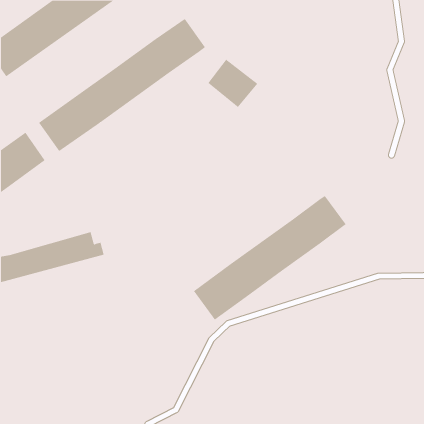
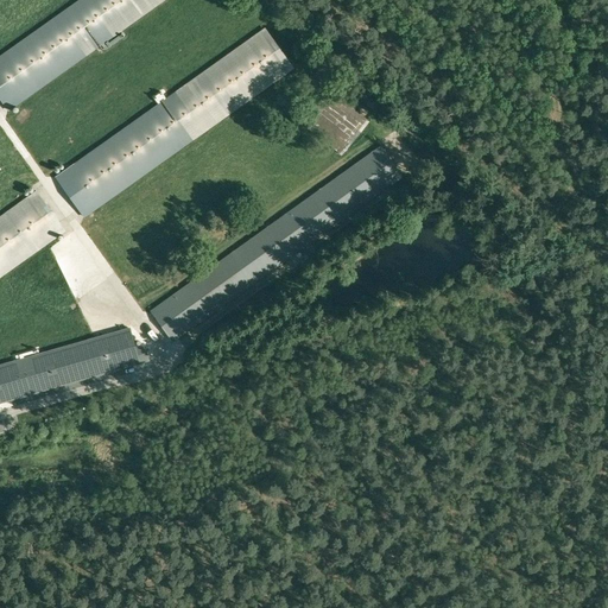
building: none -> [150,144,401,341]
building: [193,195,346,320] -> none

